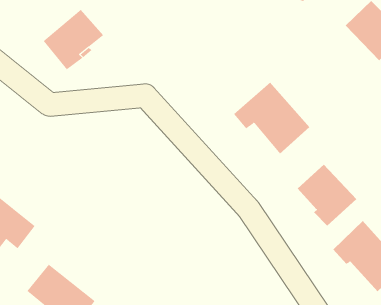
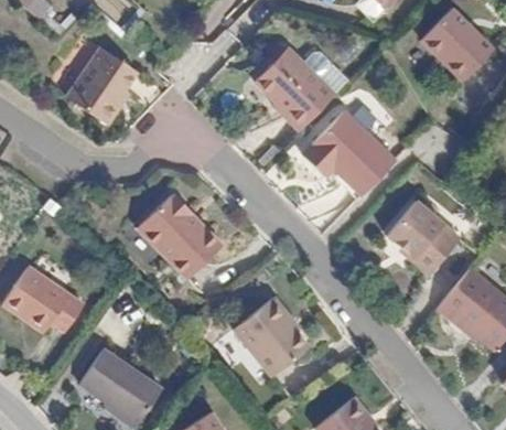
building: none -> [255,49,337,131]
building: none -> [128,193,214,280]
building: none -> [236,299,309,377]

